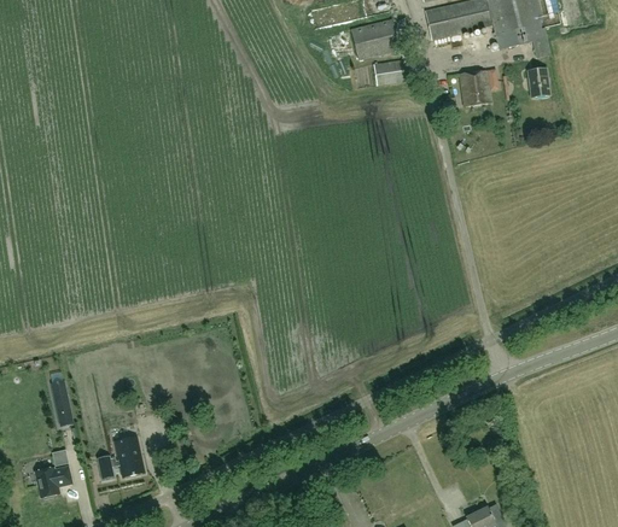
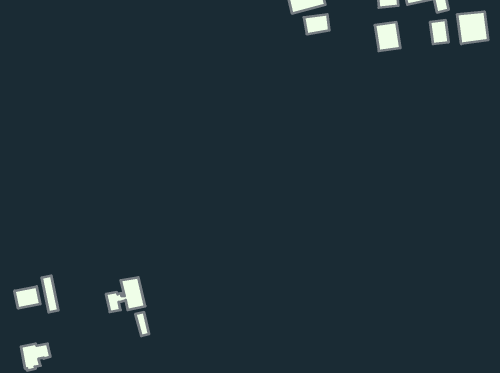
building: none -> [457,12,488,44]
building: none -> [15,286,40,308]
building: [97,437,145,479] -> [106,277,145,312]

